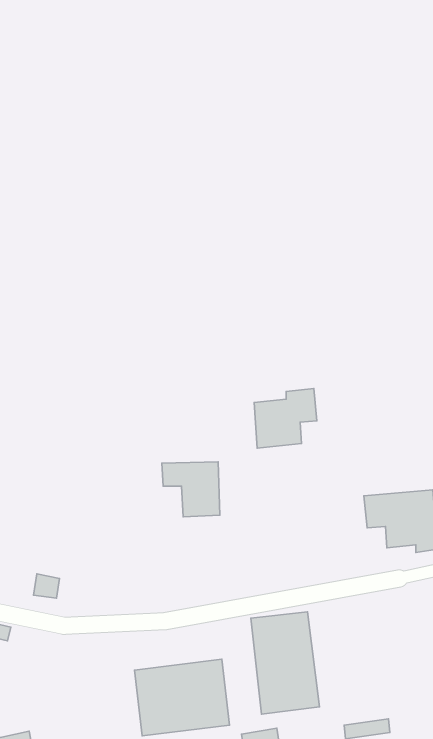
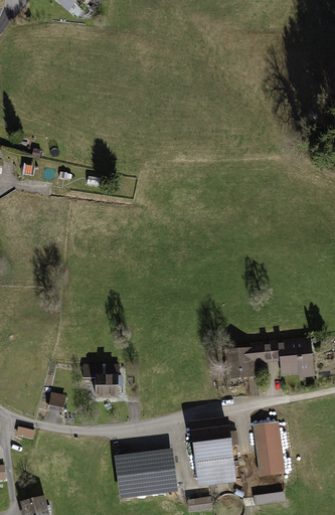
building: [254,389,317,448] -> [225,341,267,380]
building: [162,462,220,517] -> [80,362,119,398]
building: none -> [253,421,284,477]

